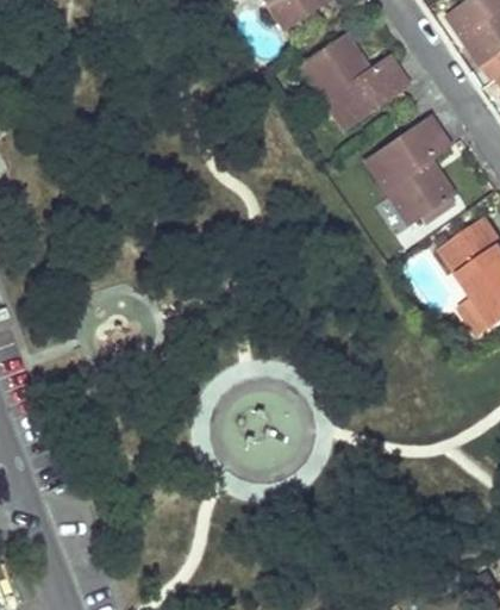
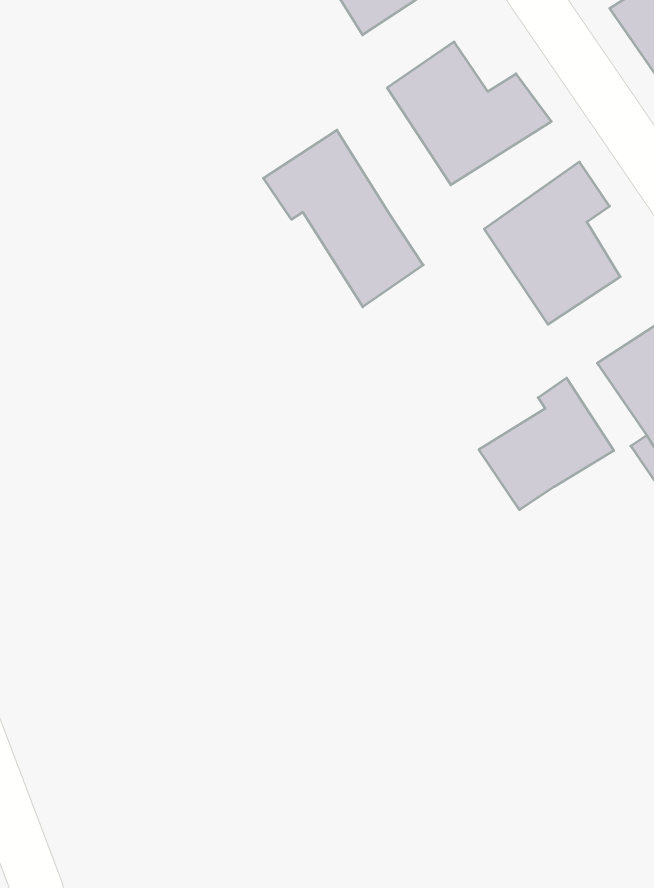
building: none -> [263,130,423,307]
building: none -> [479,378,614,510]

